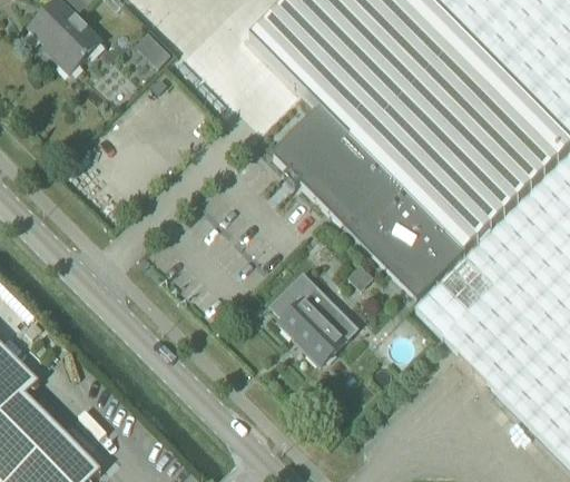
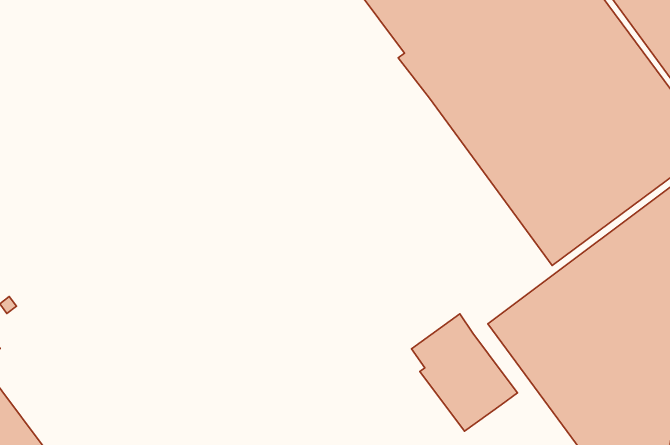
building: [274,111,458,296] -> none
building: [269,272,356,362] -> [412,314,517,431]

